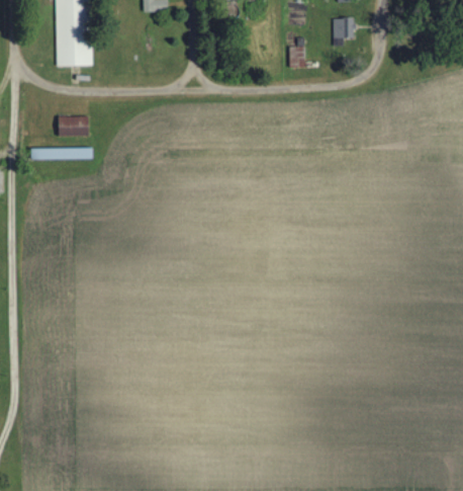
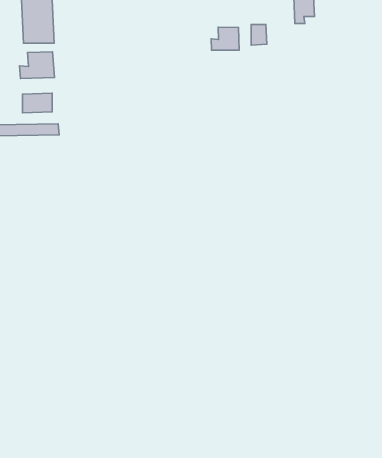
building: none -> [211,27,239,50]
building: none -> [20,52,54,79]

